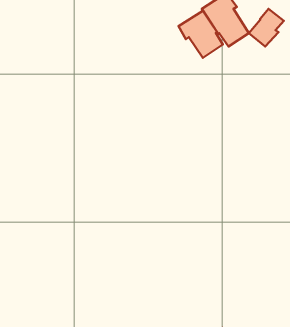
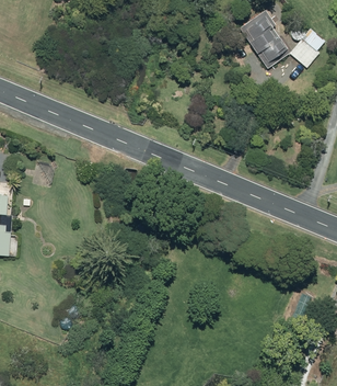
building: [178,11,223,58] -> none

